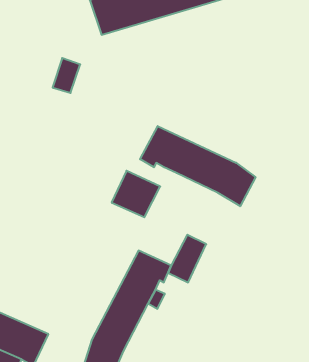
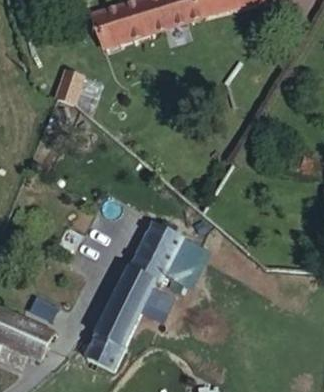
building: [140,126,256,206] -> none
building: [112,171,160,217] -> [137,220,183,264]

